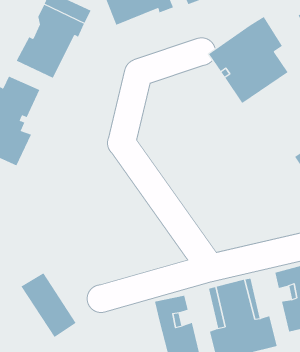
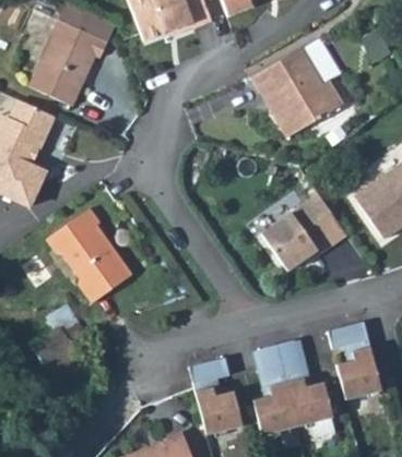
building: none -> [262,202,334,272]
building: none -> [45,206,131,300]

